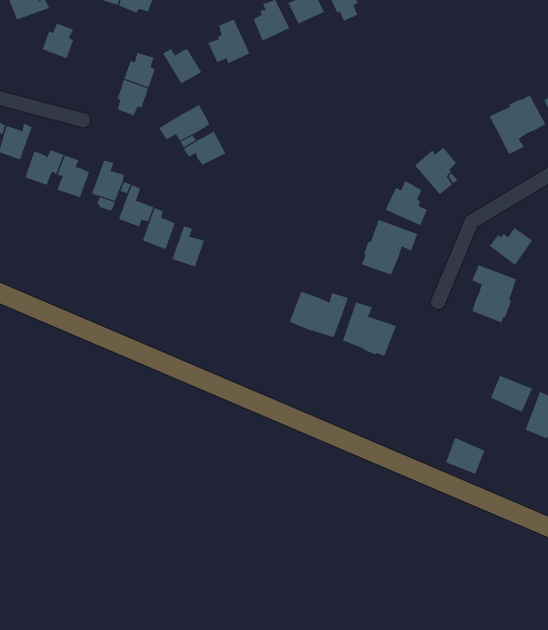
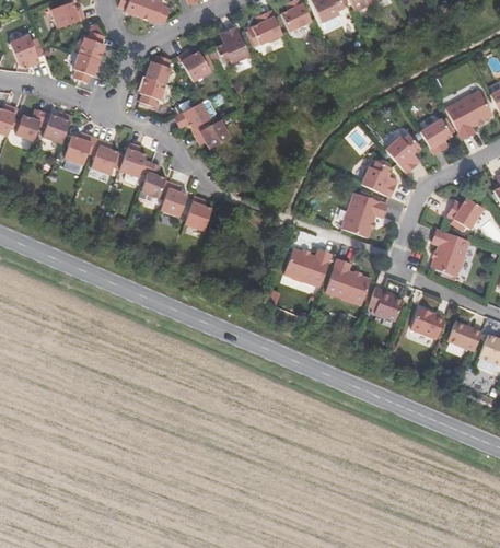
building: none -> [73,53,100,83]
building: none -> [420,118,454,154]
building: none -> [368,284,402,318]
building: [445,437,485,474] -> [411,306,444,337]

